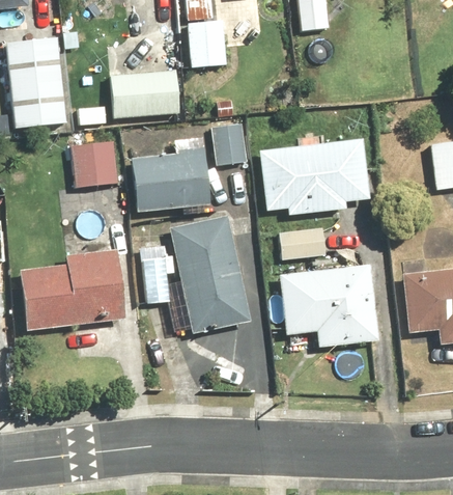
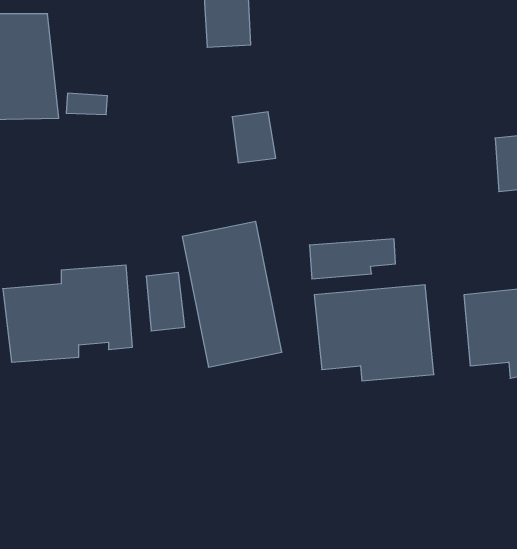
building: [108,71,181,118] -> none
building: [260,138,370,215] -> none
building: [72,140,119,187] -> none
building: [130,145,214,211] -> none

